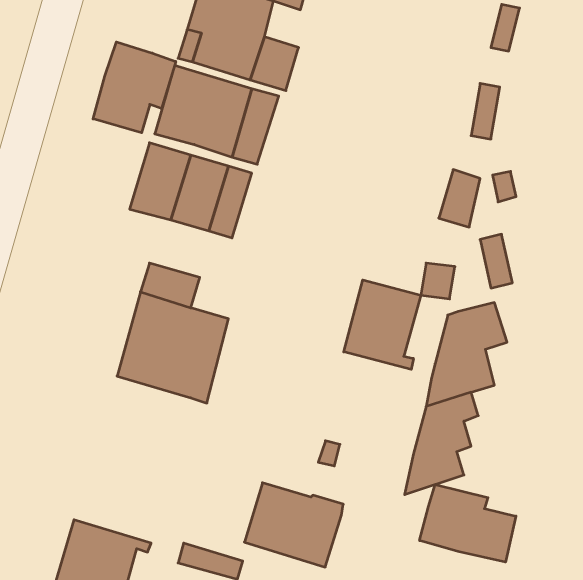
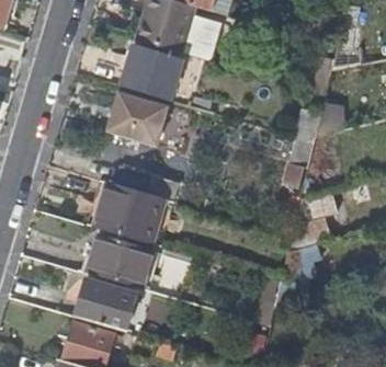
building: [93,42,176,133] -> none
building: [344,280,421,369] -> none
building: none -> [87,234,144,286]
building: [244,483,343,567] -> [75,280,135,332]
building: [420,484,516,562] -> none

